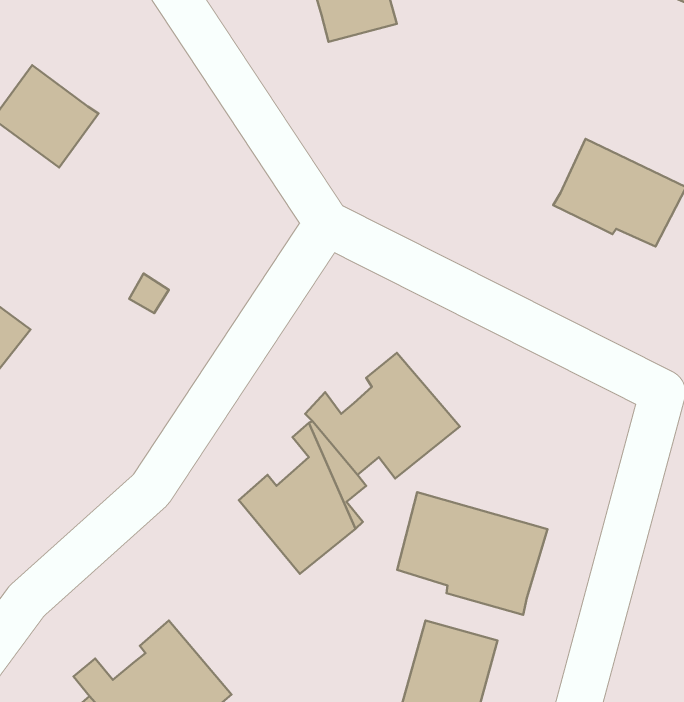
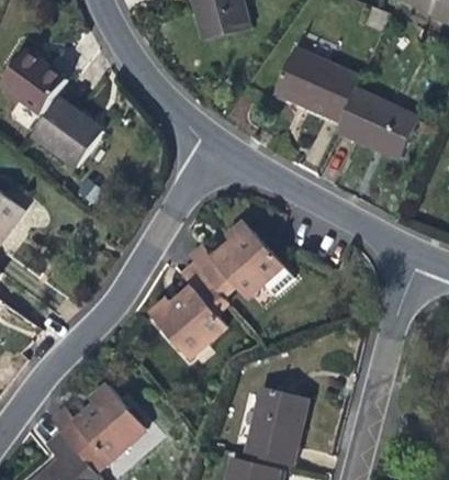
building: none -> [282,53,367,126]
building: none -> [32,97,102,164]
building: [397,492,547,615] -> none

